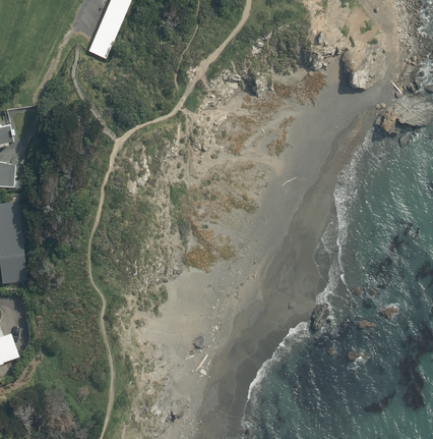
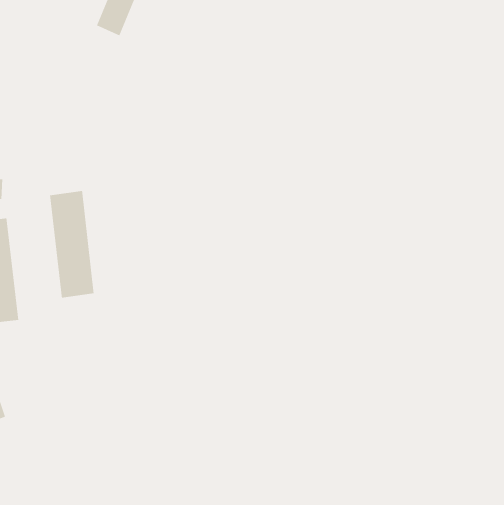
building: none -> [49,190,94,299]

